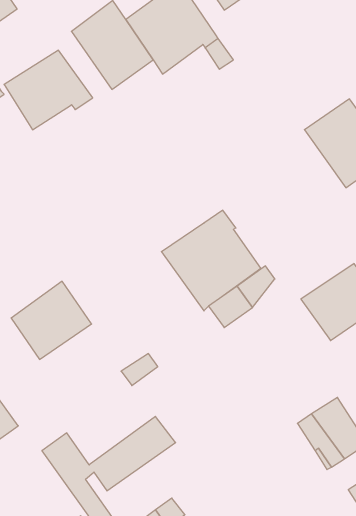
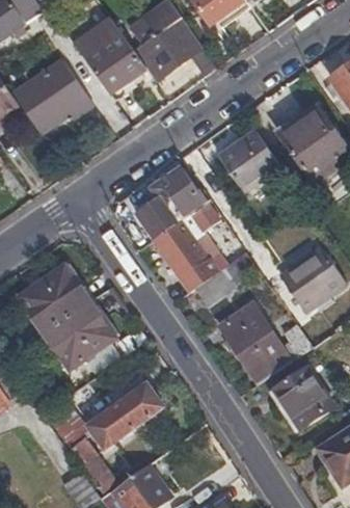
building: none -> [219,129,280,191]
building: none -> [135,168,206,237]
building: none -> [45,300,115,369]
building: none -> [219,303,309,381]

